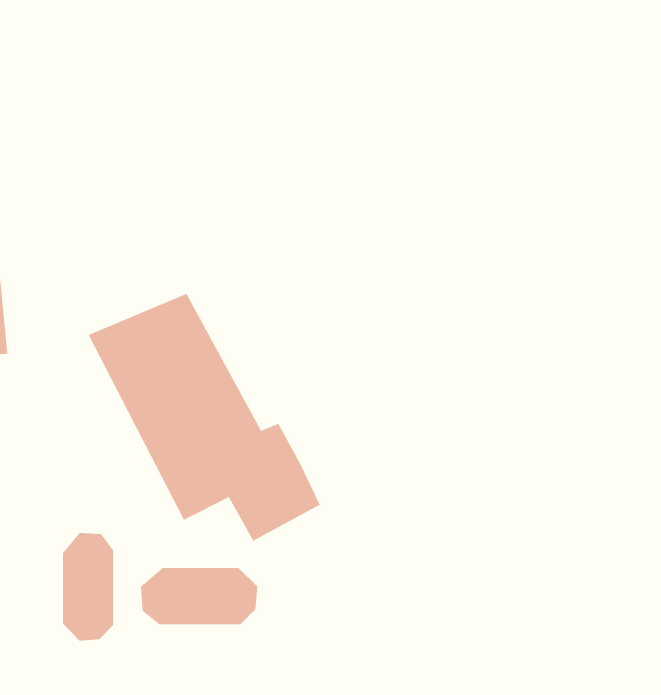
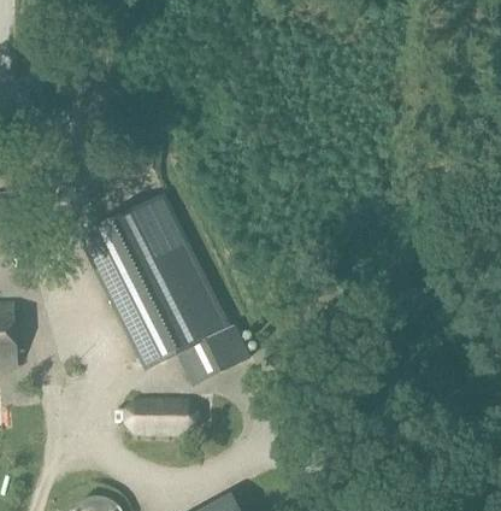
building: [62,532,113,641] -> none

